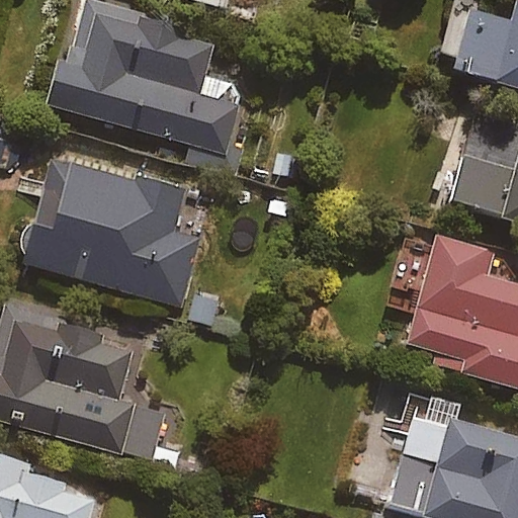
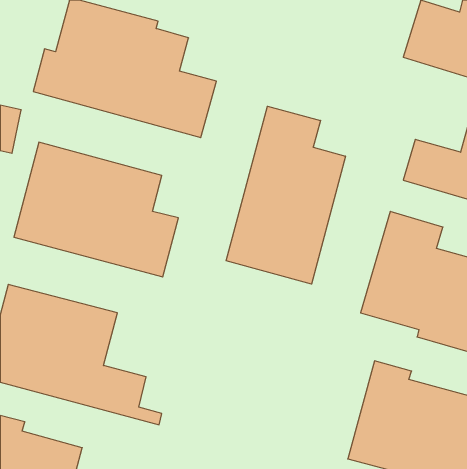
building: none -> [226,106,345,284]

